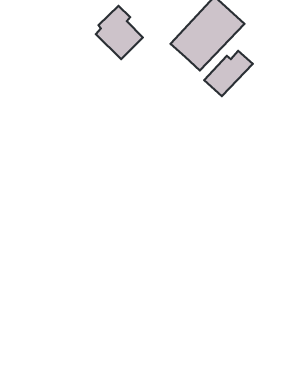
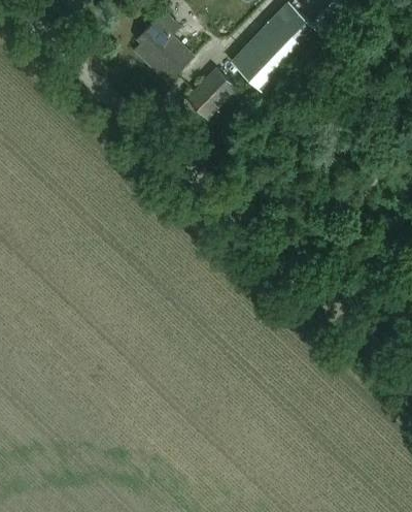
building: [204,51,253,96] -> [187,61,249,119]

